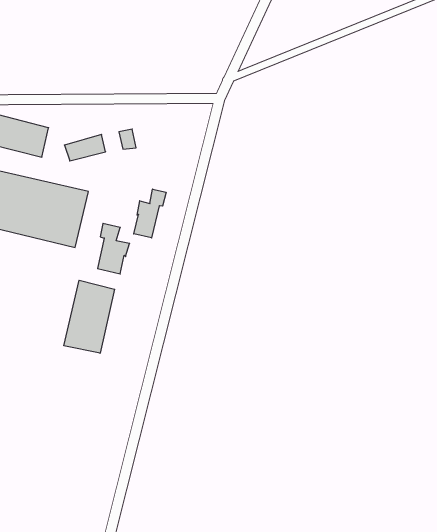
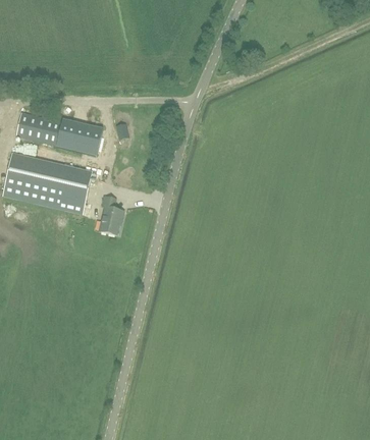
building: [134,189,166,238] -> none
building: [64,280,115,353] -> none

